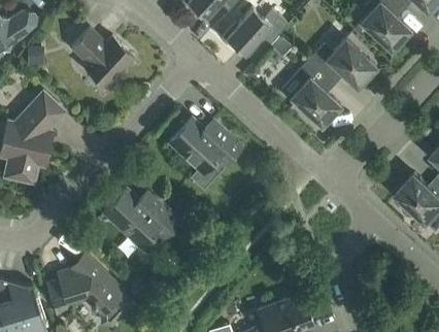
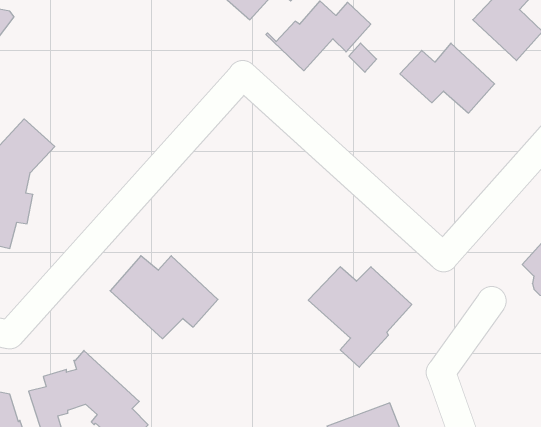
building: [70,27,134,89] -> none
building: [290,59,340,125] -> none
building: [168,118,241,189] -> [308,267,412,367]

